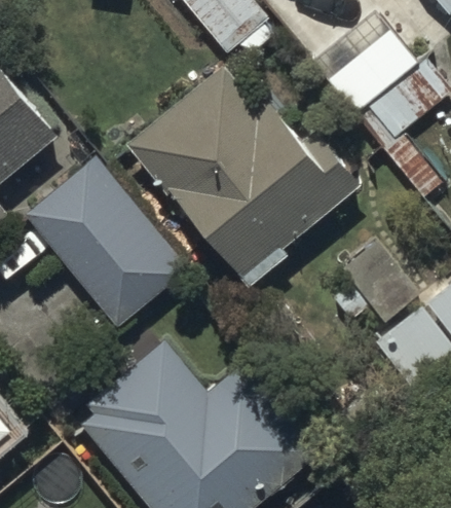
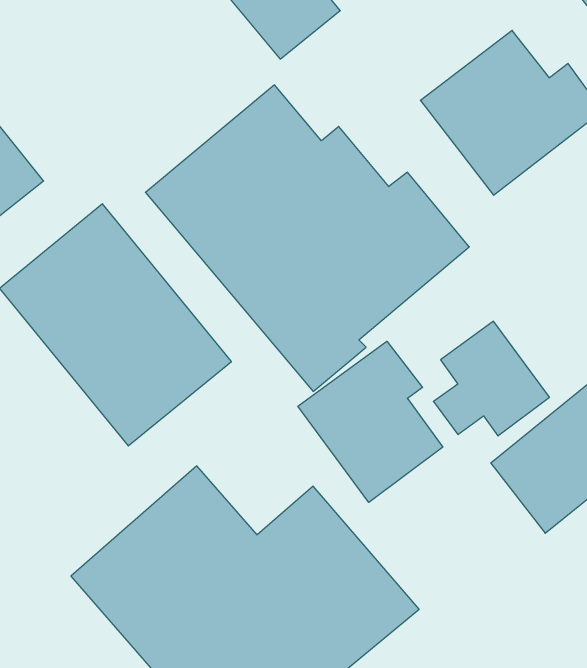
building: none -> [298,341,443,502]

